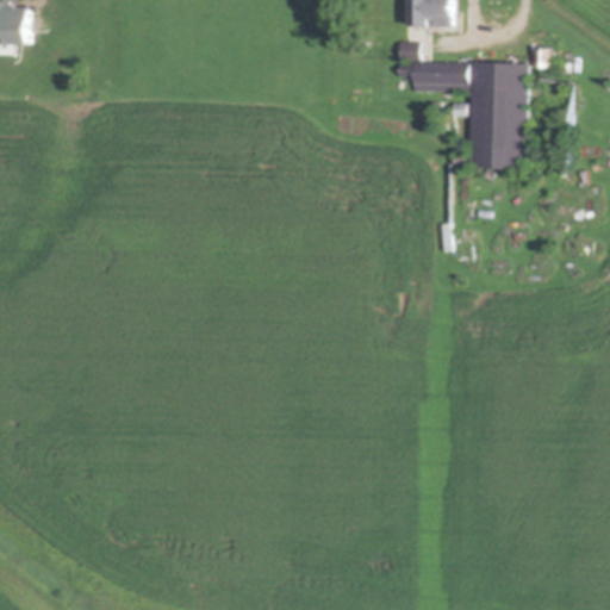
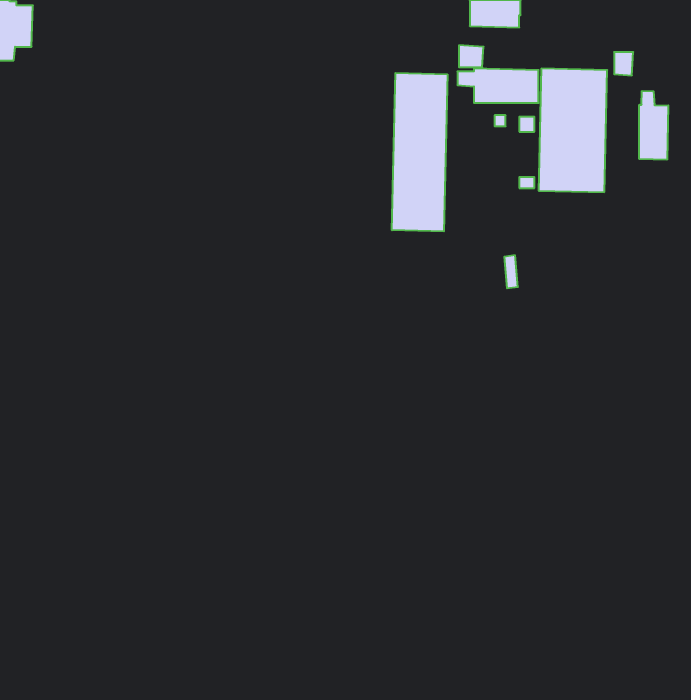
building: none -> [392,73,447,231]
building: none -> [639,91,668,160]

